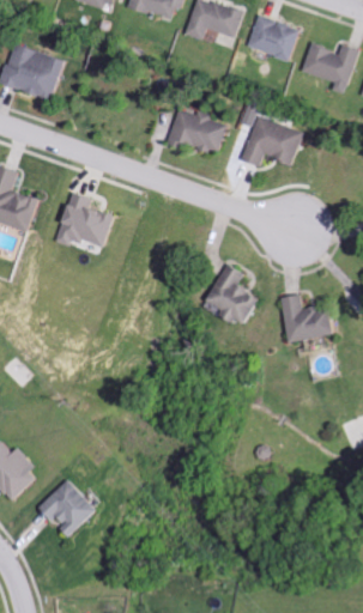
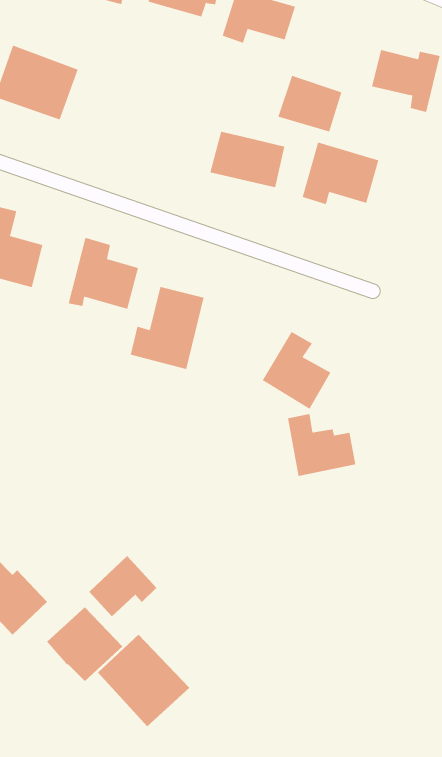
building: [241,16,291,60] -> [277,75,342,132]
building: none -> [130,286,204,370]
building: [285,293,339,342] -> [287,414,356,477]
building: none -> [88,555,157,617]
building: none -> [97,634,190,727]

